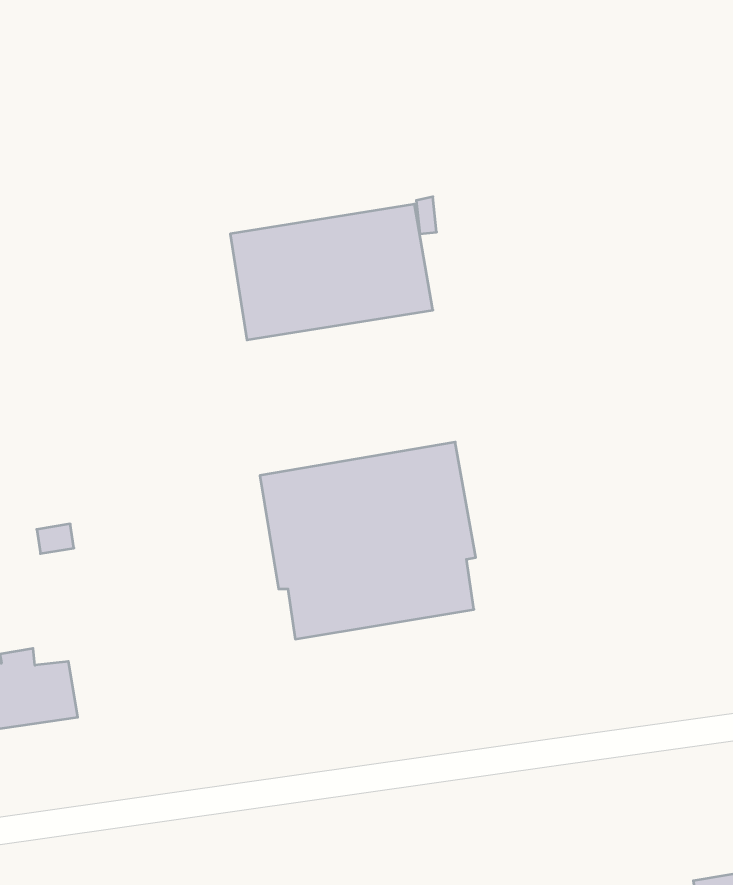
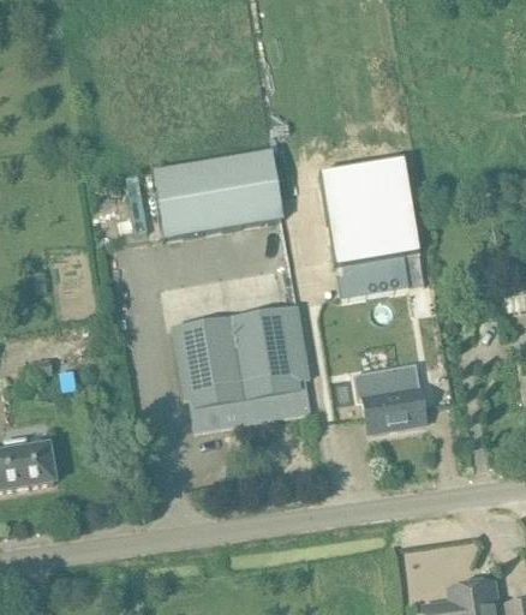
building: none -> [317,157,420,299]
building: none -> [353,364,425,434]

